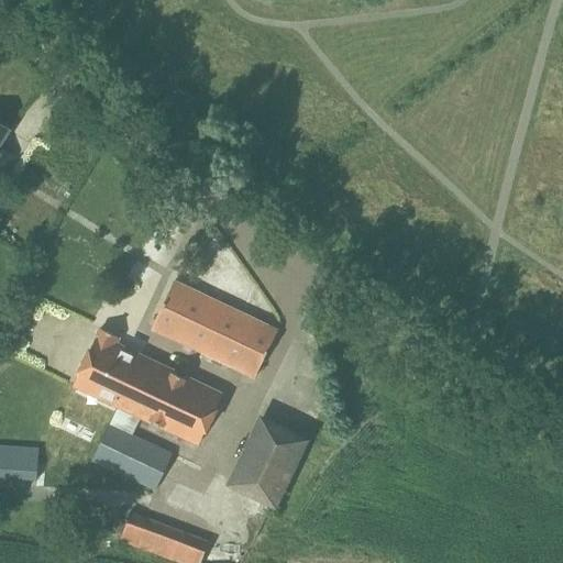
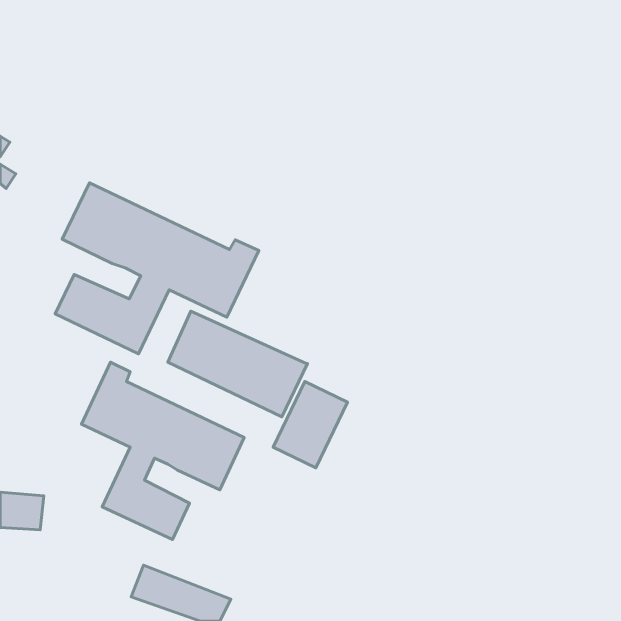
building: none -> [55,183,259,354]
building: [234,422,301,500] -> [273,381,347,468]

